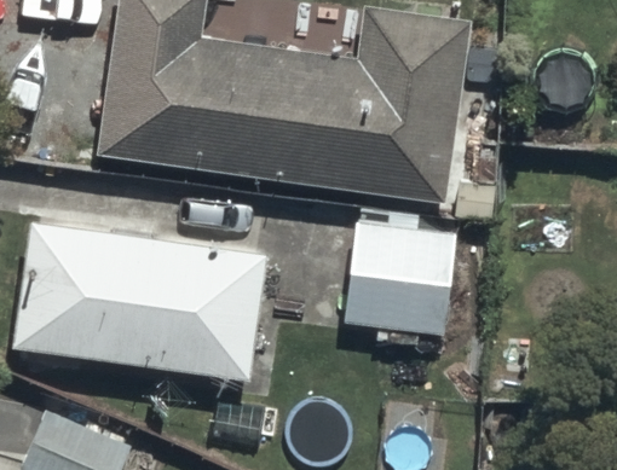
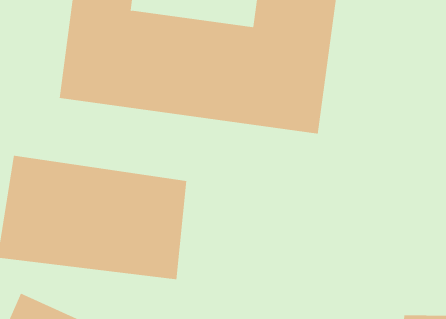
building: [342,221,455,346] -> none

